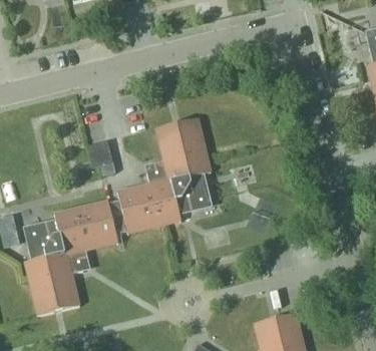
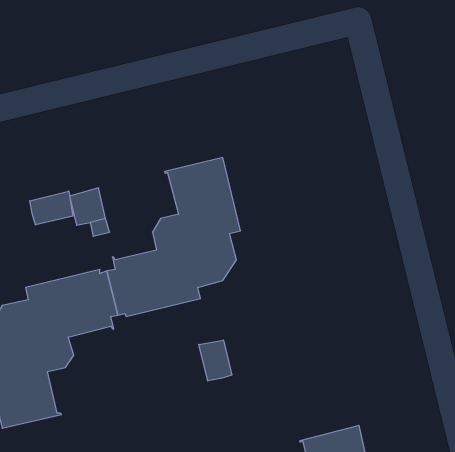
building: none -> [30,191,73,225]
building: none -> [199,340,232,381]

